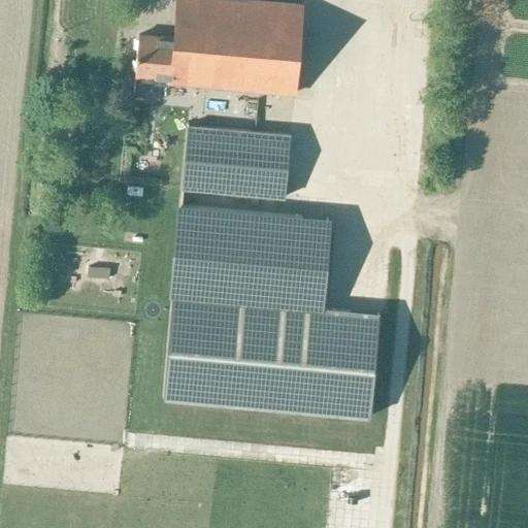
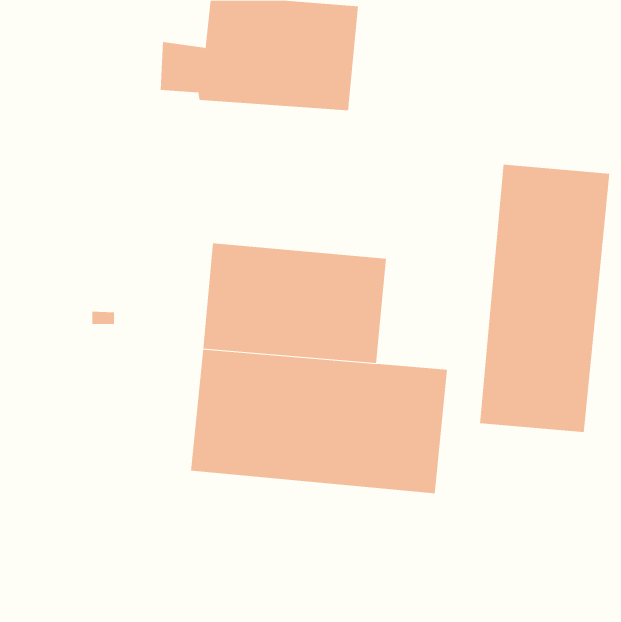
building: [184,125,292,199] -> none
building: none -> [480,164,610,433]

